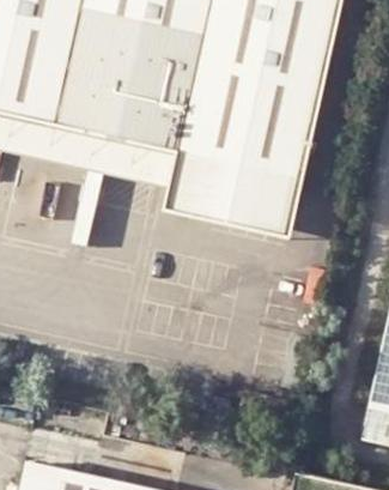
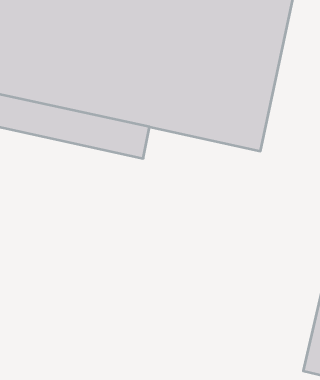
building: [165,152,305,238] -> none

